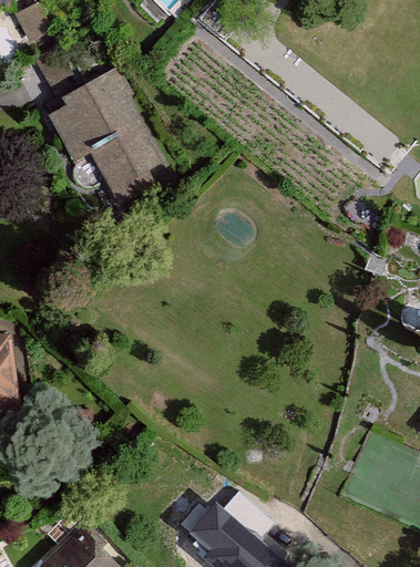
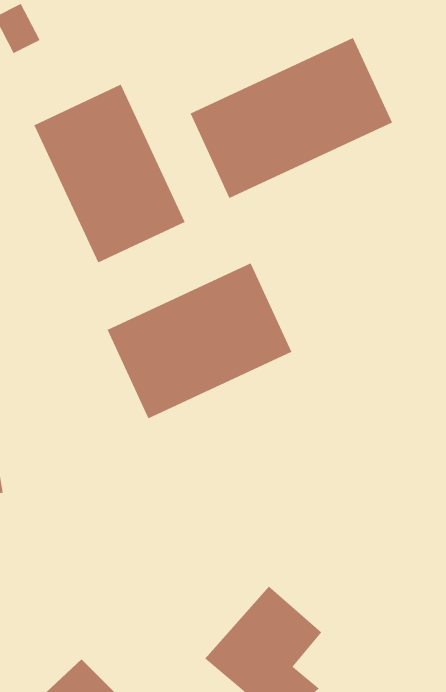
building: none -> [190,37,393,199]
building: none -> [107,262,292,419]

